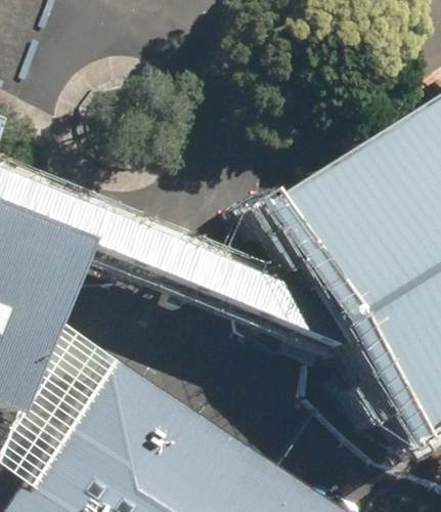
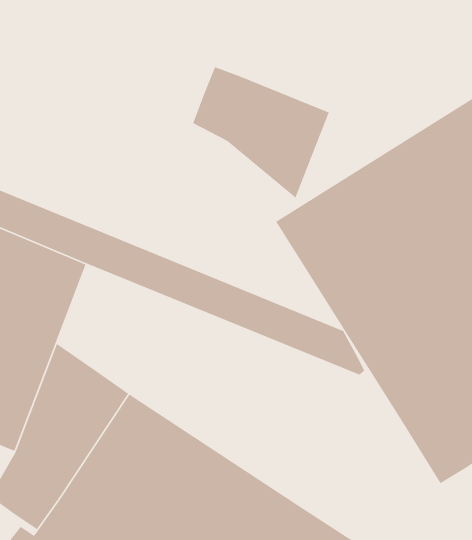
building: none -> [192,66,330,199]

